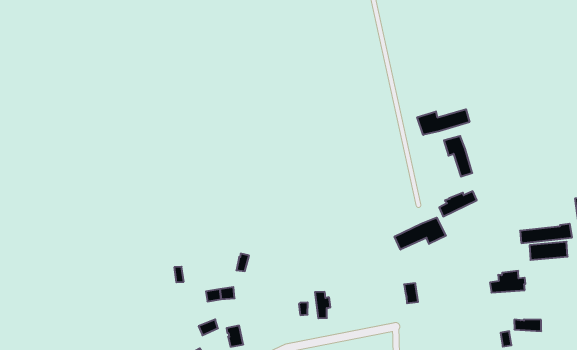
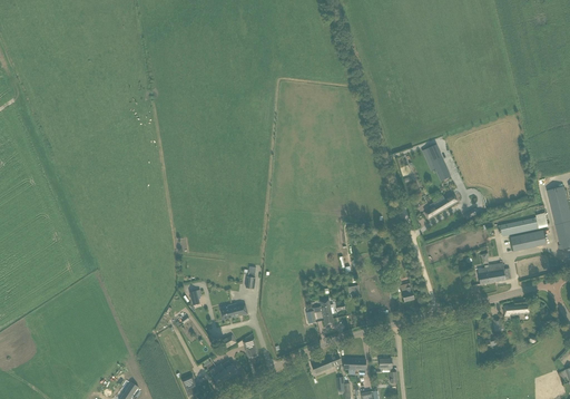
building: [417,109,469,135] -> none
building: [395,218,446,250] -> none

